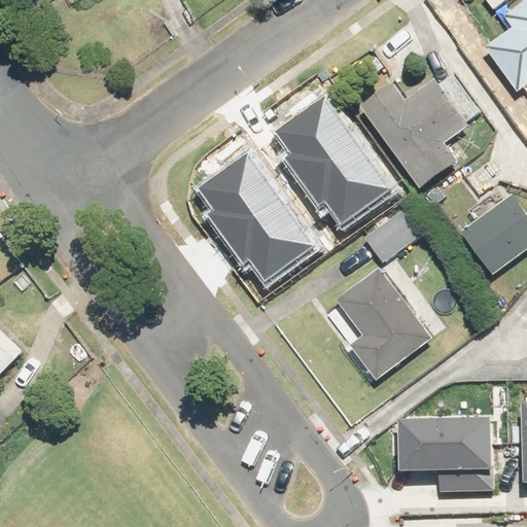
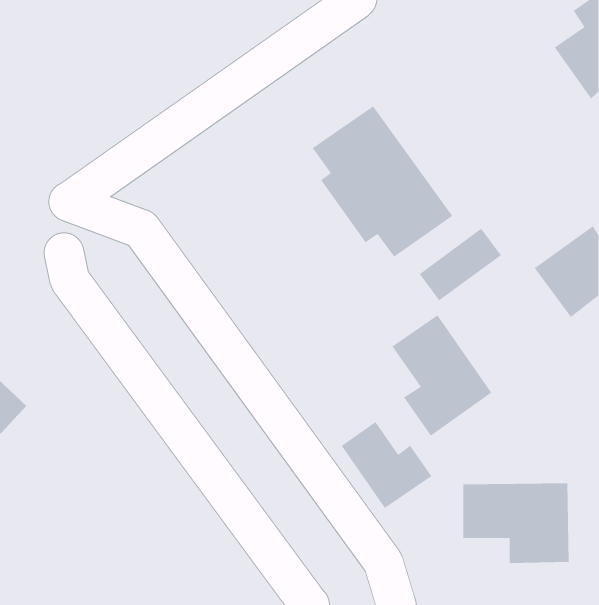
building: [361,80,470,191] -> none
building: [189,149,311,282] -> none
building: none -> [341,421,432,509]

